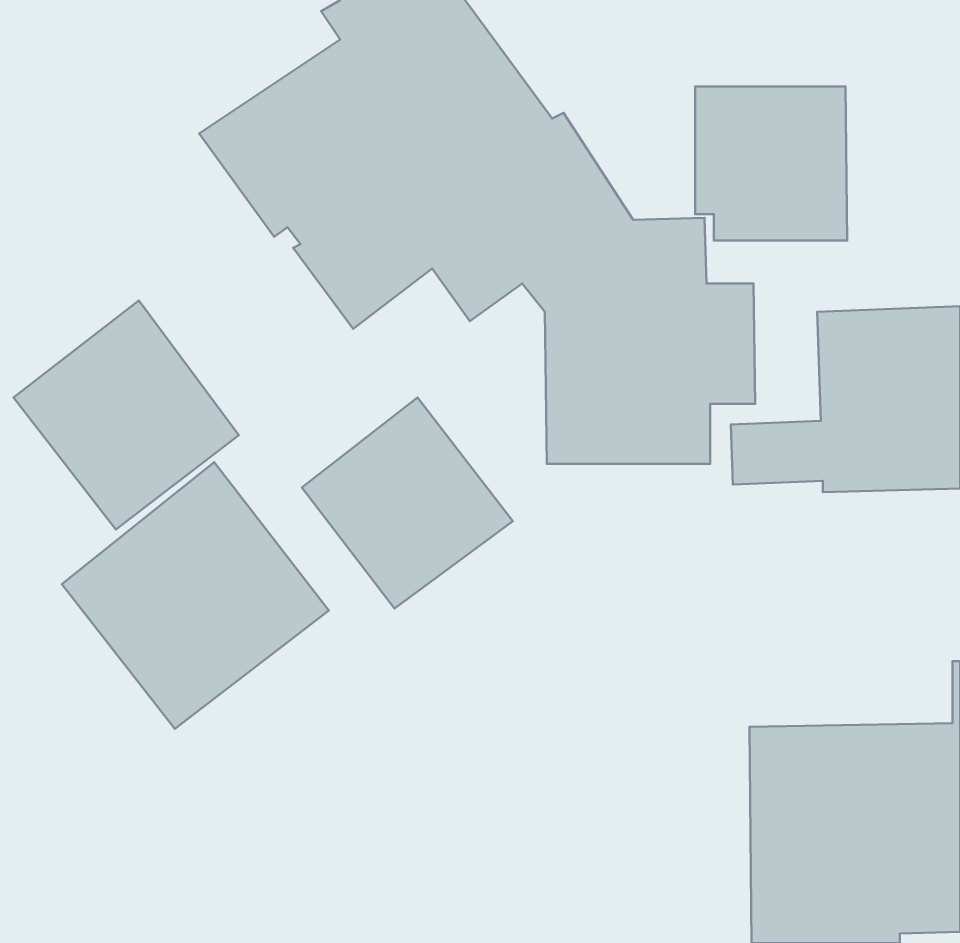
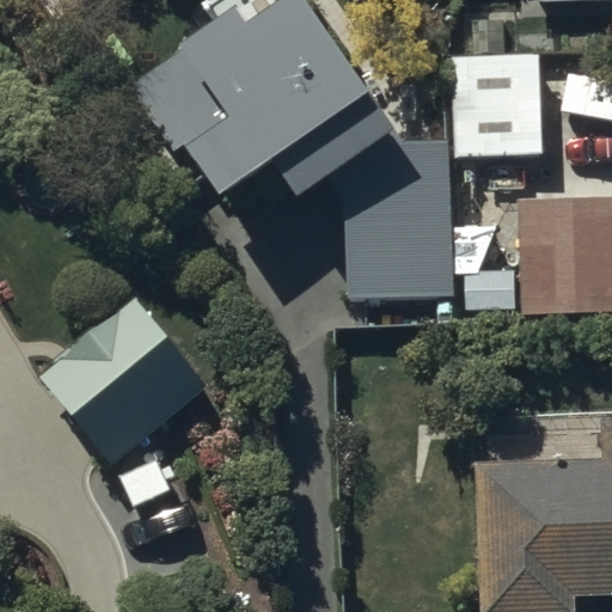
building: [13,301,239,529] -> none
building: [302,398,513,609] -> none

